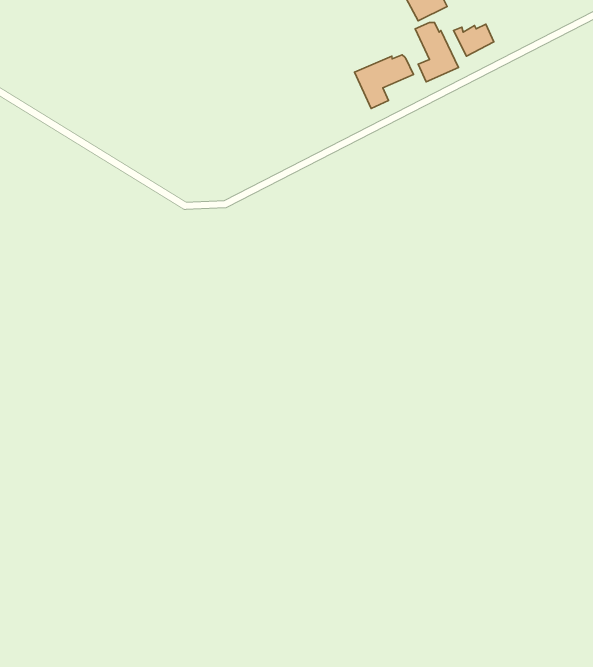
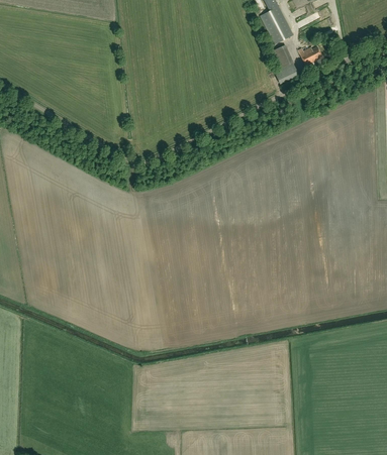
building: [355,55,413,108] -> none

